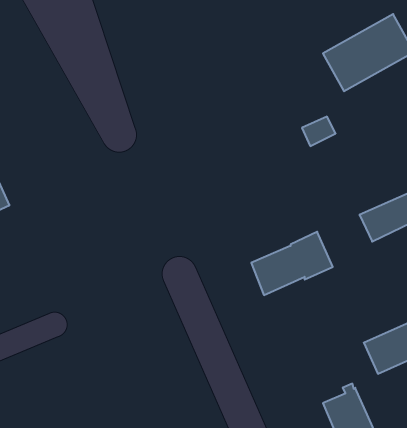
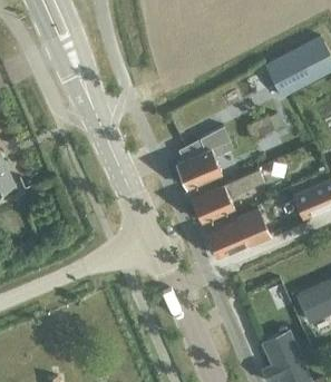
building: none -> [175,124,233,188]
building: none -> [191,170,264,222]

